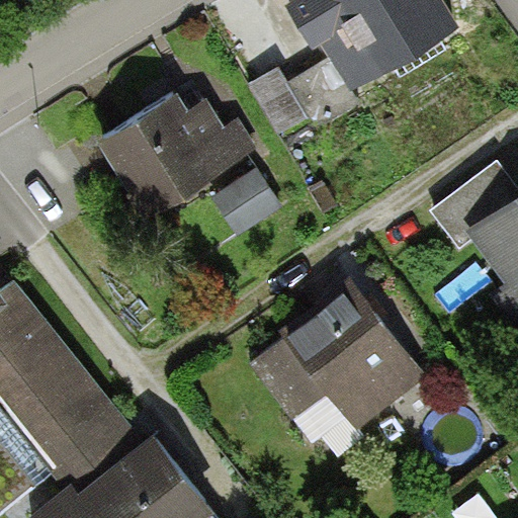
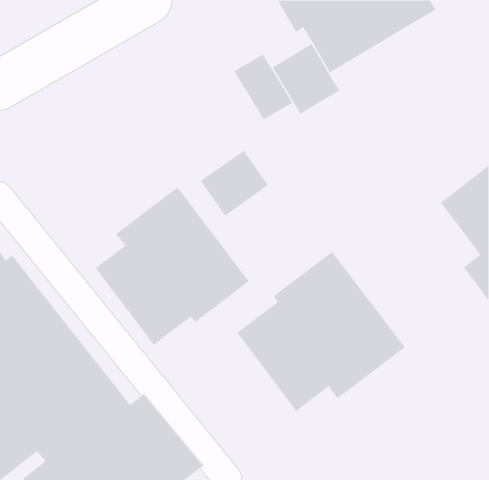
building: [96,86,256,214] -> none
building: none -> [95,186,250,346]

